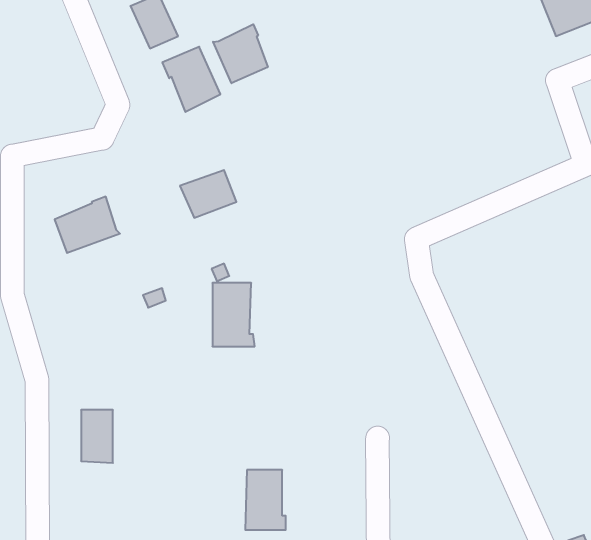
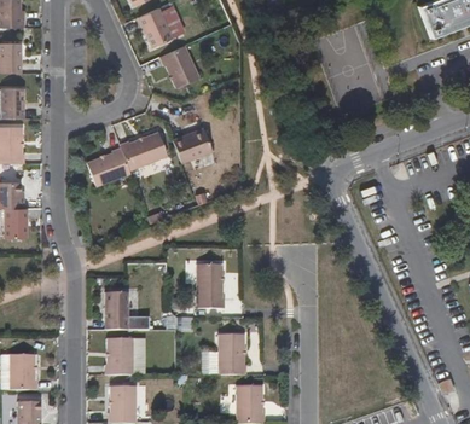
building: [213,24,268,83] -> none
building: none -> [121,132,167,169]
building: [212,283,255,346] -> [196,263,225,307]
building: none -> [105,338,133,373]

